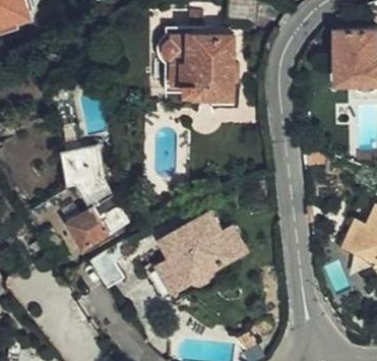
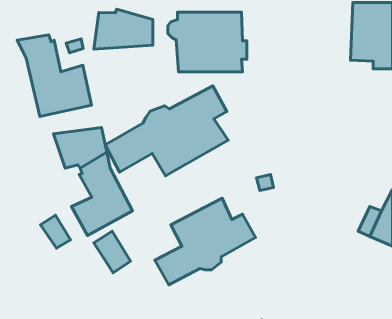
building: none -> [94,9,153,49]
building: none -> [17,35,91,116]
building: none -> [105,86,228,176]

